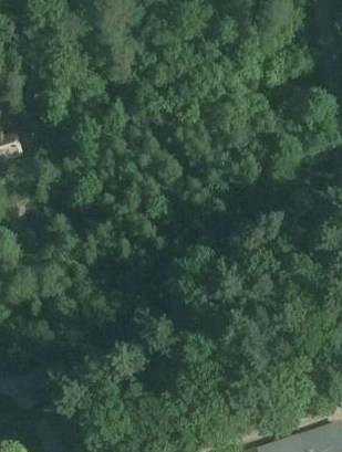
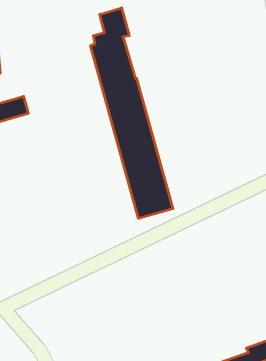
building: none -> [91,8,173,218]

